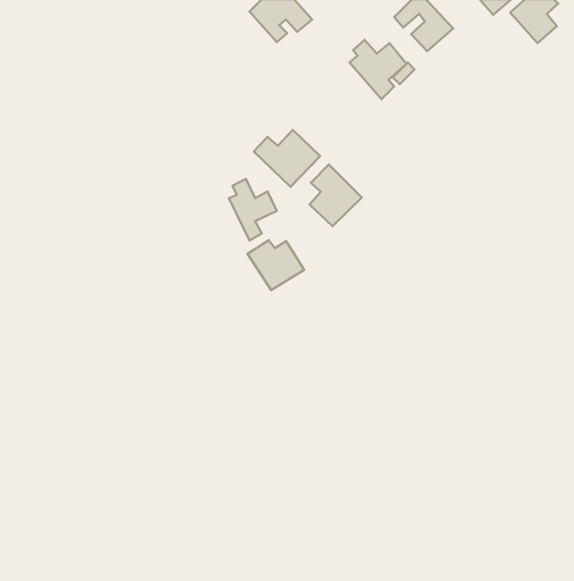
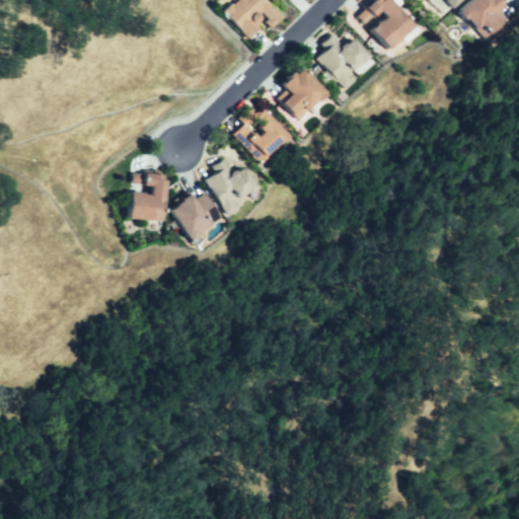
building: [310,165,362,226] -> [281,67,327,122]
building: none -> [130,171,167,221]
building: [247,240,304,290] -> [172,193,223,237]

